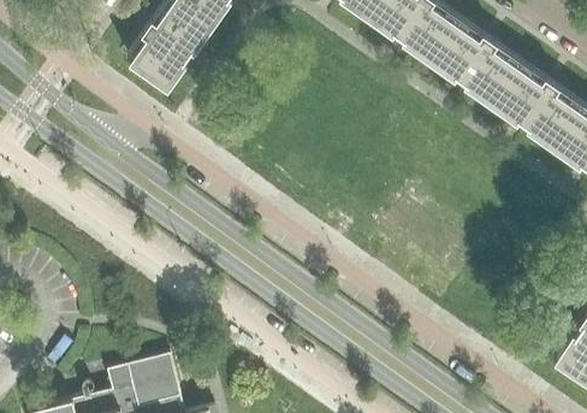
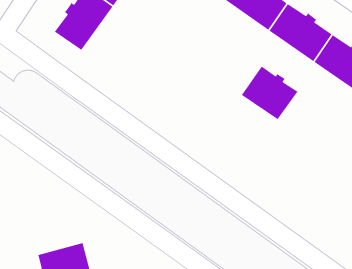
building: none -> [241,65,298,120]

